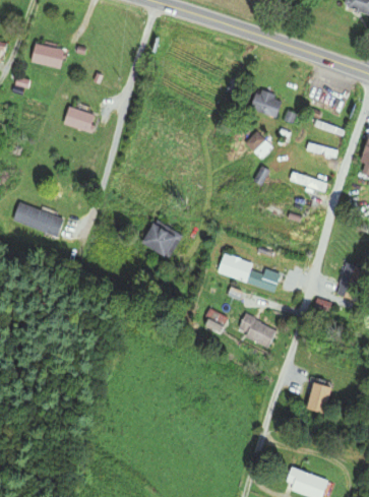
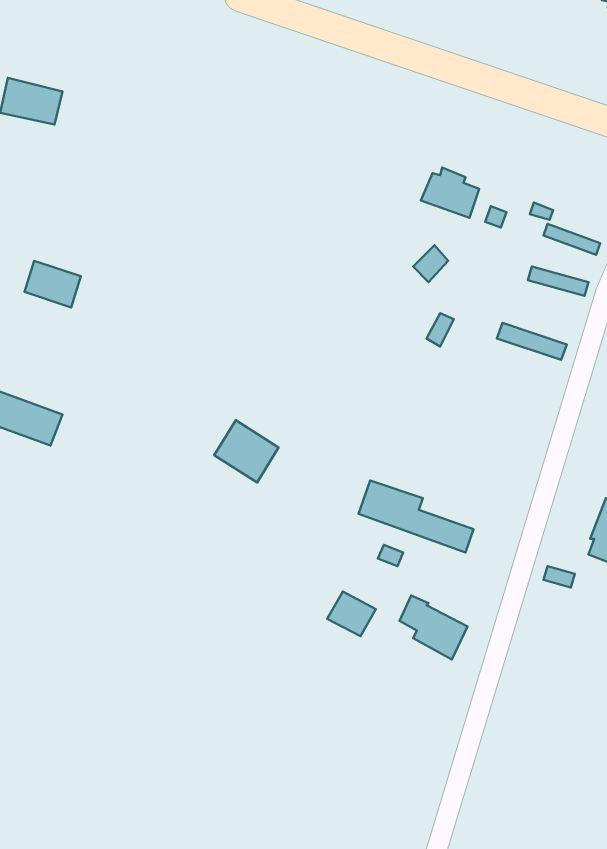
building: [63,106,93,130] -> [24,261,81,307]
building: [307,382,331,412] -> none

